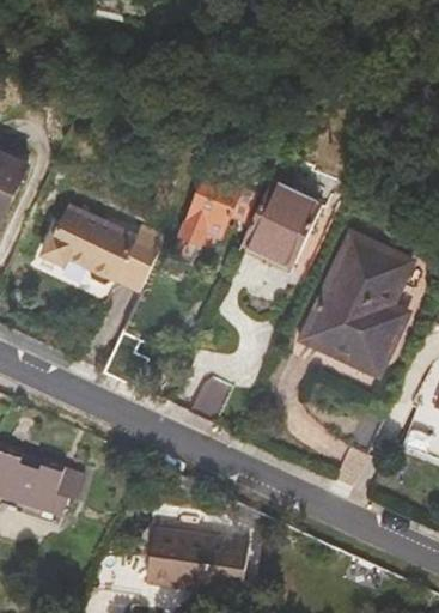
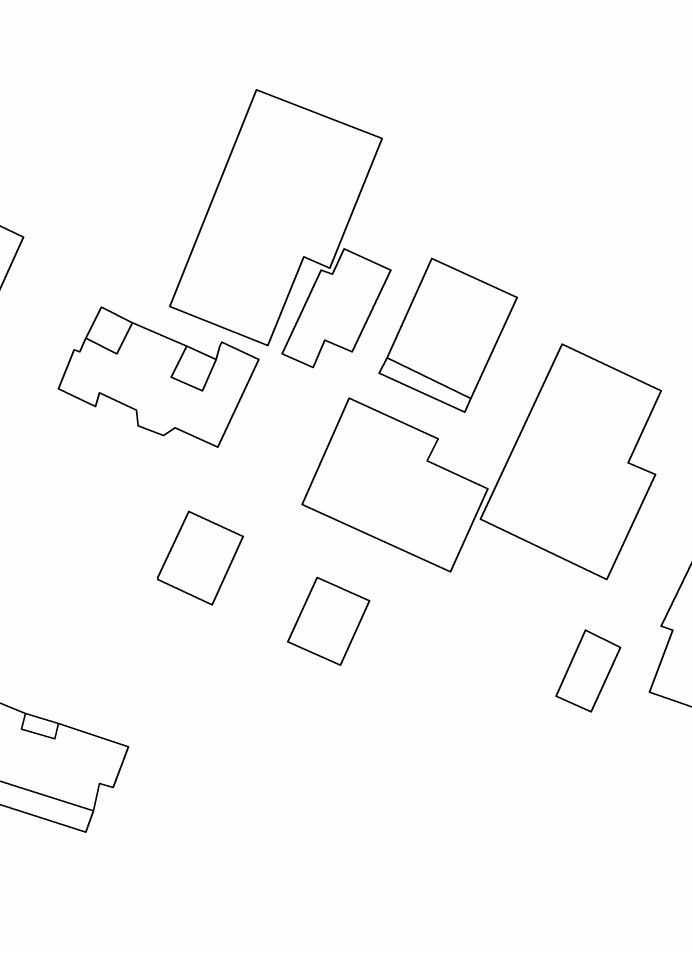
building: none -> [170,90,382,345]
building: none -> [302,398,488,572]
building: [85,532,249,595] -> none

